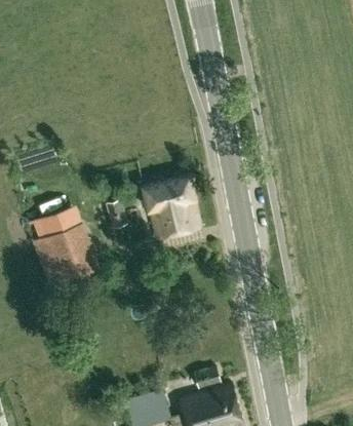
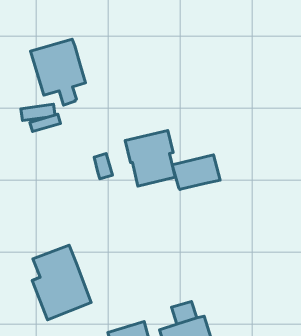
building: none -> [31,39,86,105]
building: none -> [172,155,220,190]
building: [33,203,100,287] -> [32,245,91,320]

